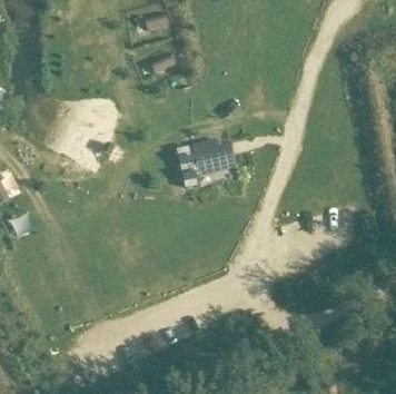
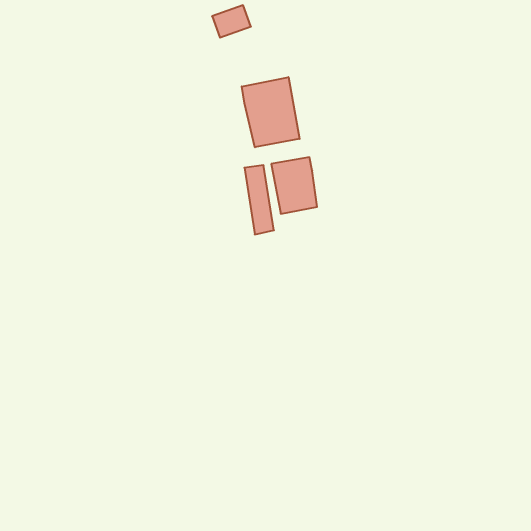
building: none -> [242,77,300,147]

